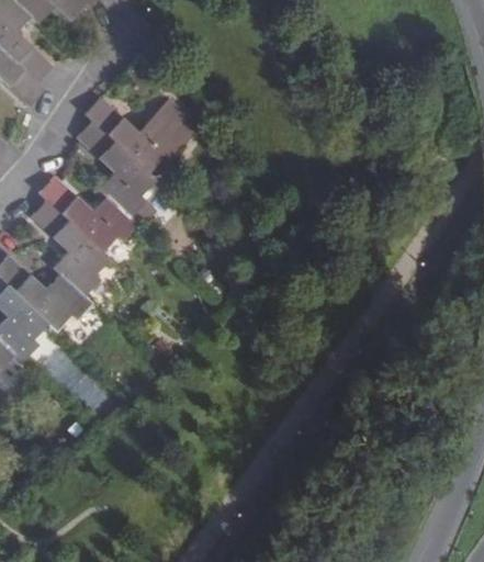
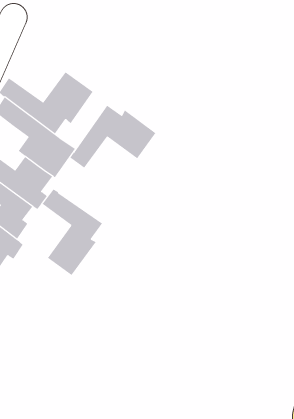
building: none -> [70,105,156,168]
building: none -> [42,188,103,276]

